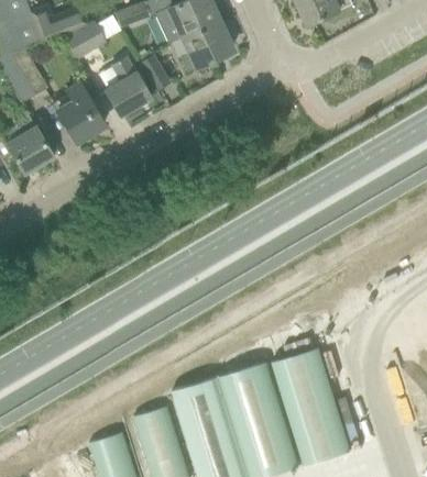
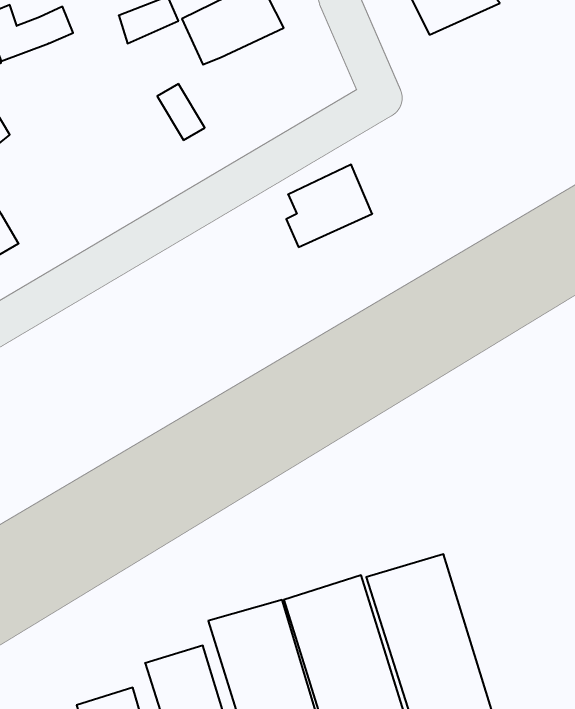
building: [178,20,232,71] -> [286,165,372,247]
building: [64,21,106,60] -> none
building: [105,56,151,115] -> none
building: [54,81,105,142] -> none

